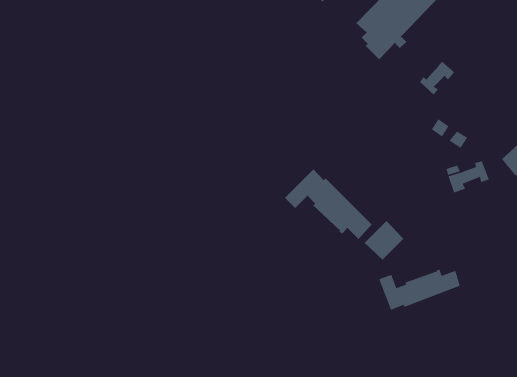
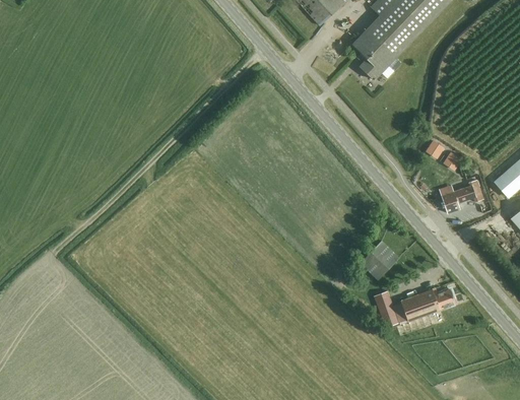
building: [419,60,455,95] -> none
building: [284,169,372,240] -> none

